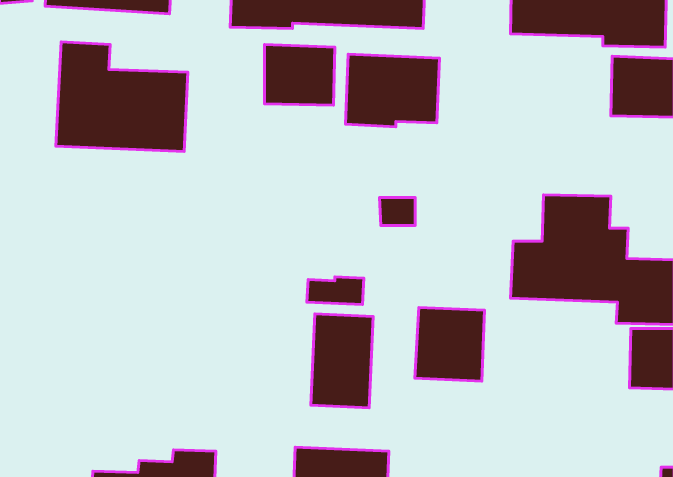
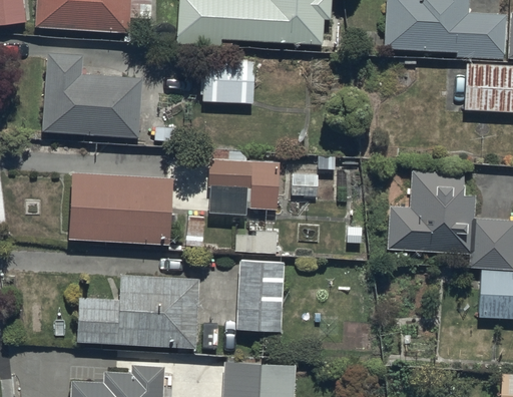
building: [346,54,439,127] -> [207,159,279,215]
building: none -> [69,174,173,245]
building: [415,307,484,381] -> none
building: none -> [77,275,199,347]

